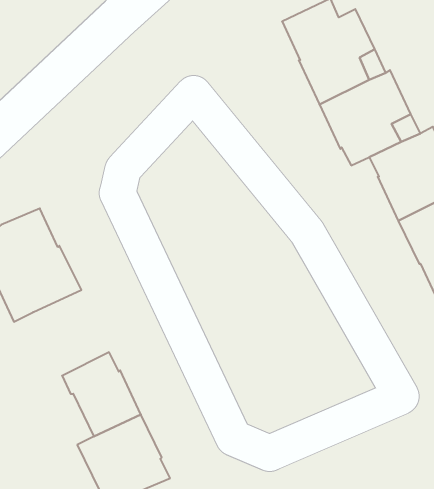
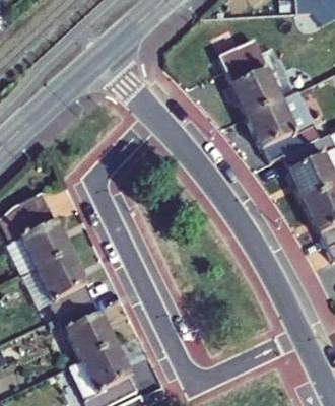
building: none -> [37,253,92,316]

